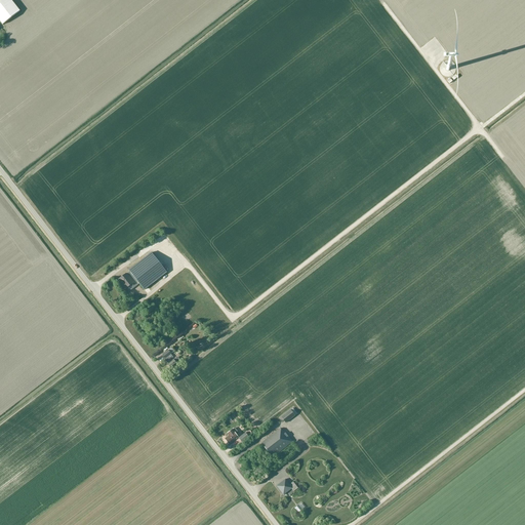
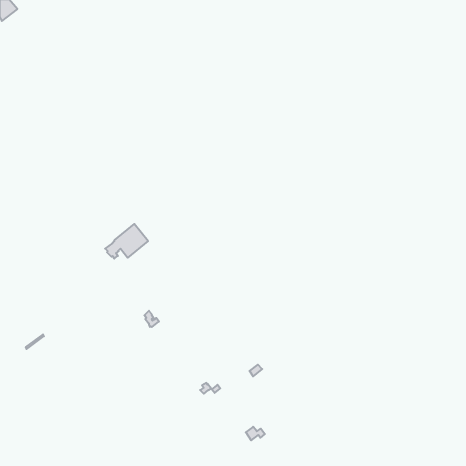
building: [260,428,291,456] -> none

